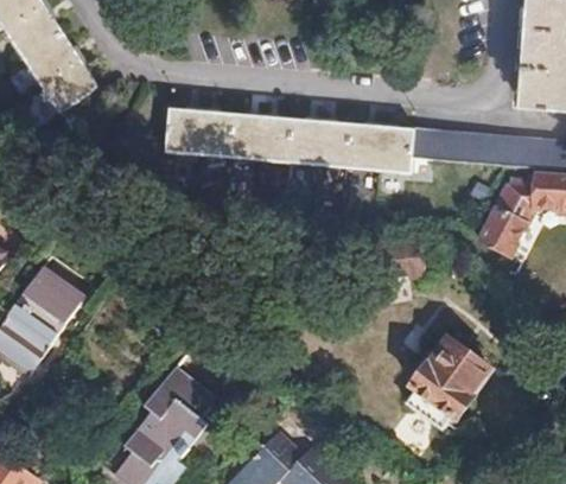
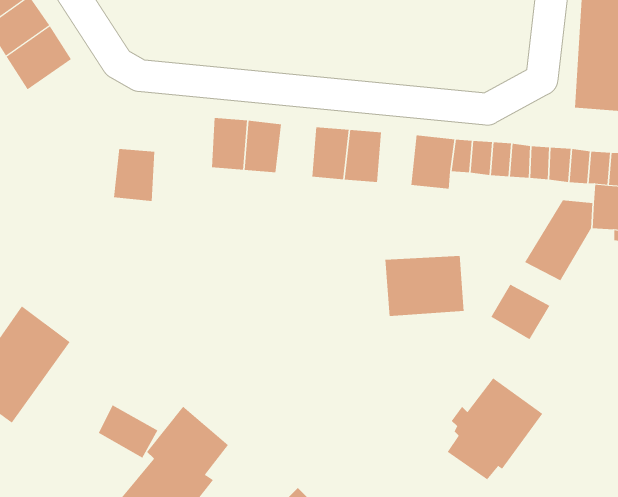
building: [40,59,97,113] -> none
building: [167,108,204,154] -> [113,149,155,201]
building: [259,116,293,163] -> none
building: [348,123,381,170] -> none
building: none -> [491,284,550,340]
building: none -> [98,405,158,459]

